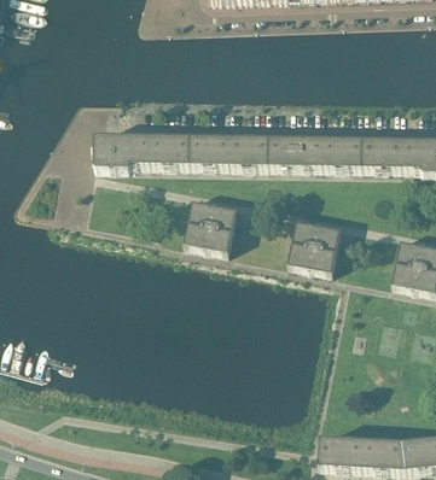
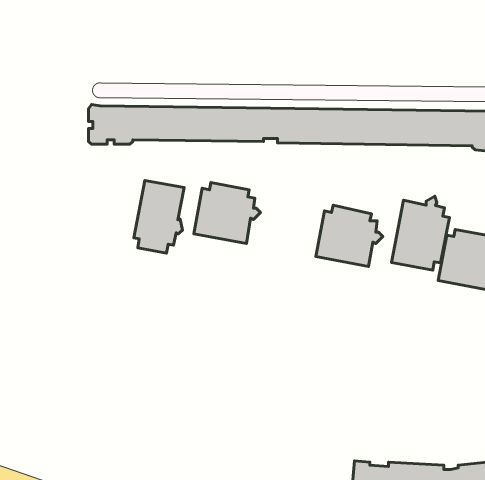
building: none -> [134,180,184,253]
building: none -> [392,196,449,270]

